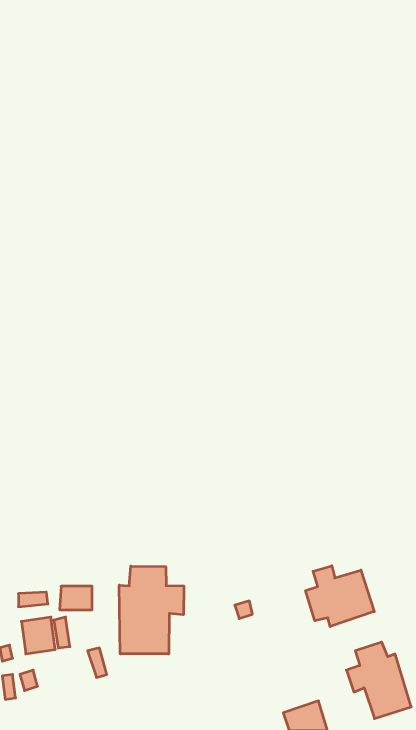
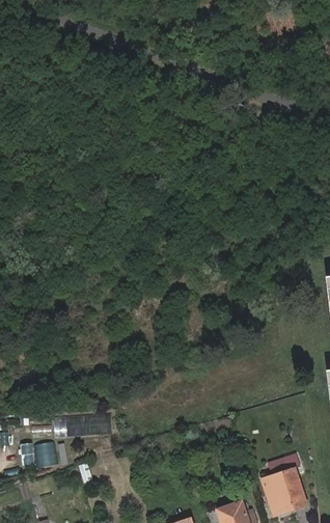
building: [306,566,374,627] -> none
building: [119,566,184,654] -> none

